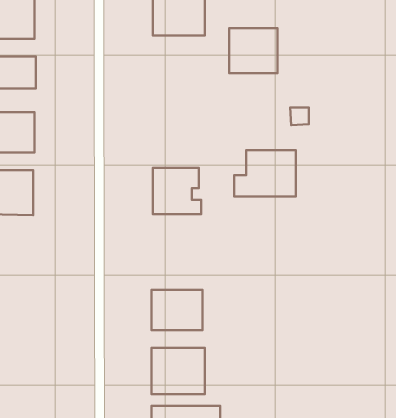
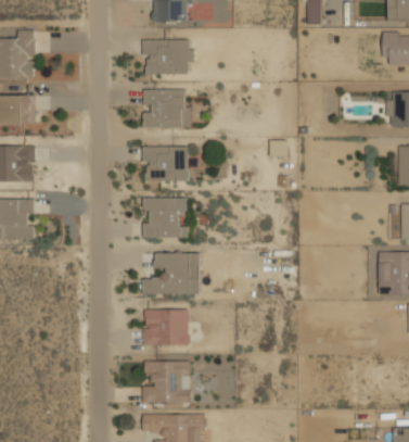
building: [229,28,278,73] -> [143,89,188,130]
building: none -> [143,147,188,181]
building: [234,150,296,196] -> [143,253,200,295]

